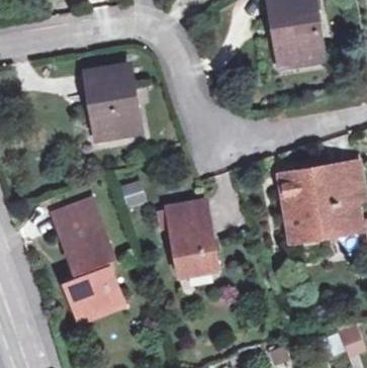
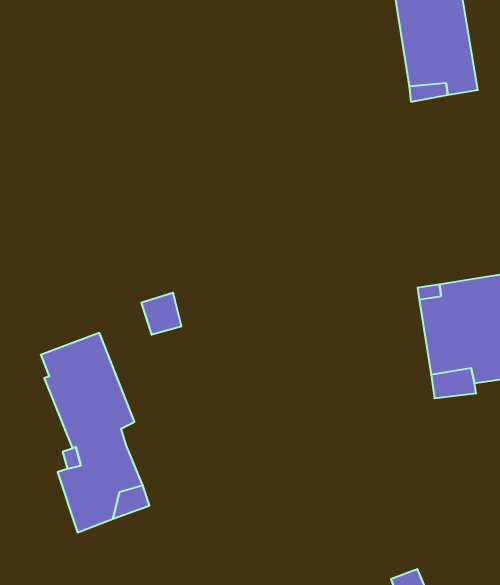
building: [87,65,139,136] -> none
building: [169,202,215,274] -> none

